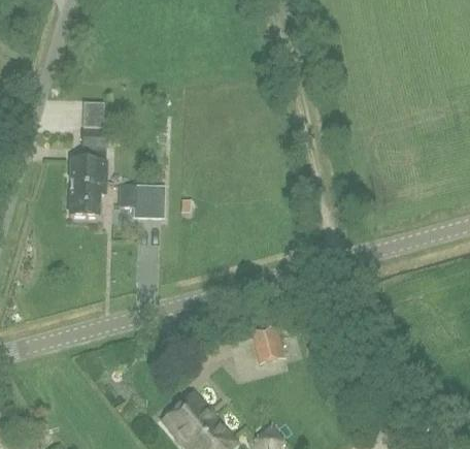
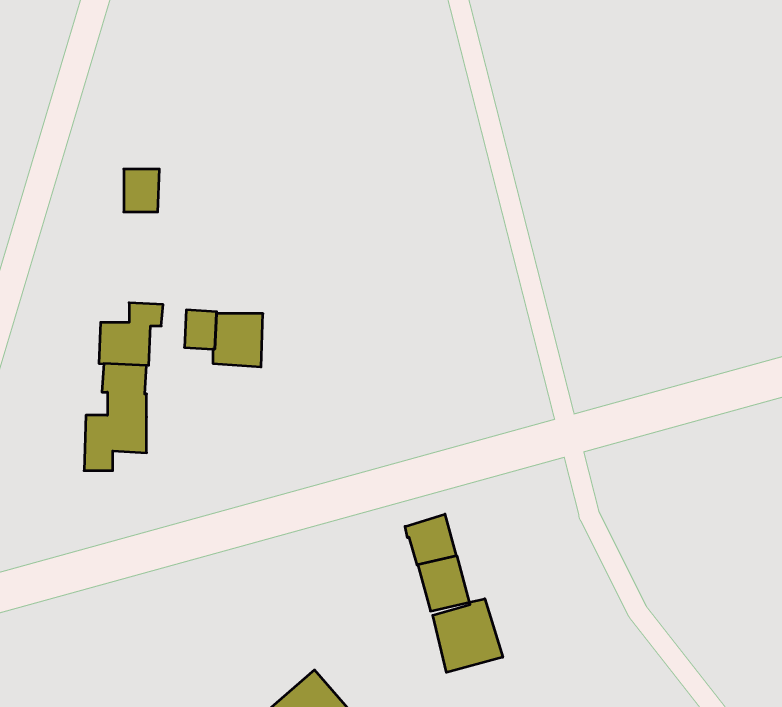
building: [70,130,106,192] -> [84,364,147,471]
building: none -> [405,514,456,565]
building: none -> [433,599,503,672]

